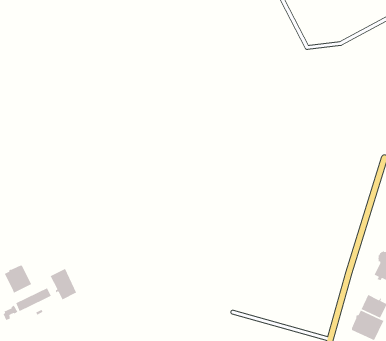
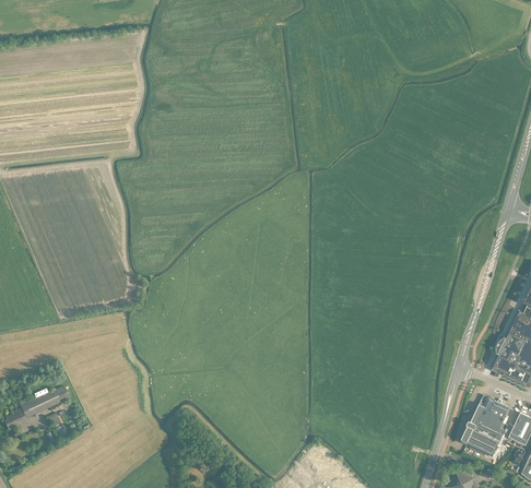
building: [4,265,32,294] -> none
building: [49,268,77,301] -> none

